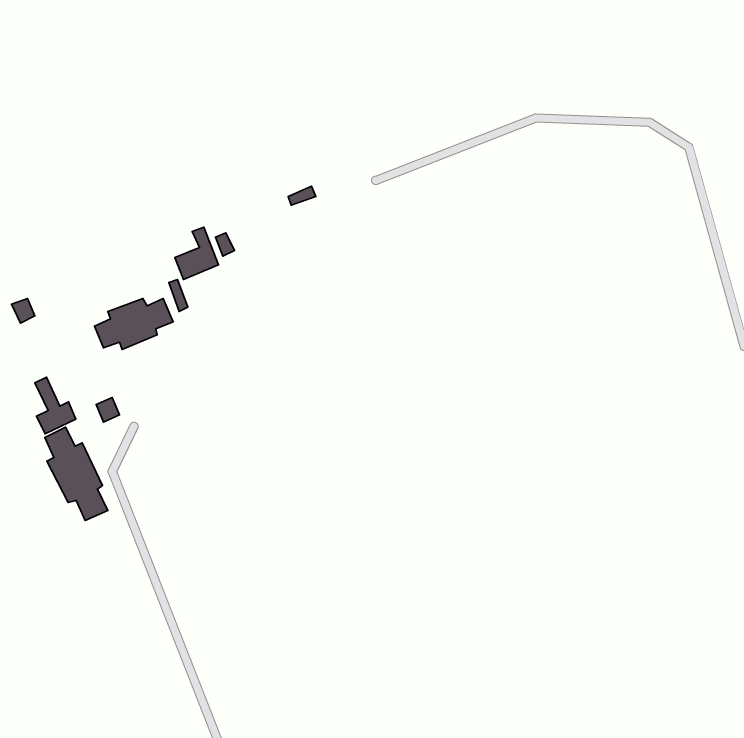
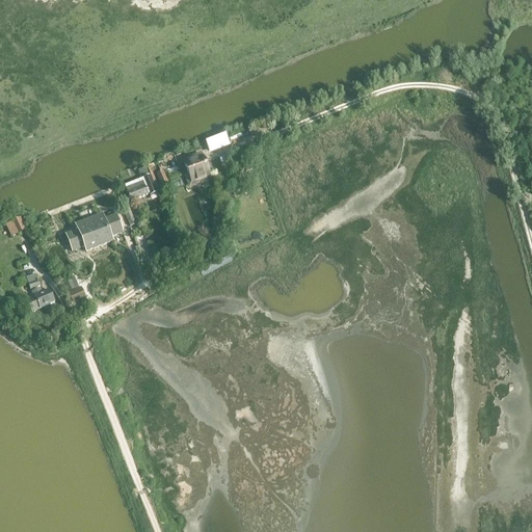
building: none -> [183,149,208,181]
building: [45,427,108,521] -> none

